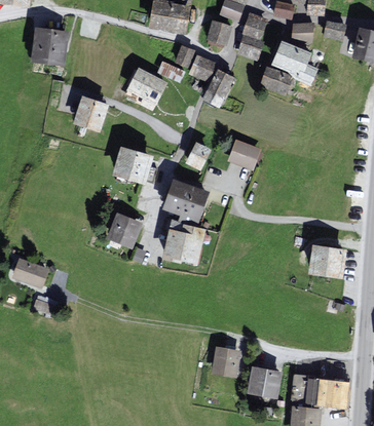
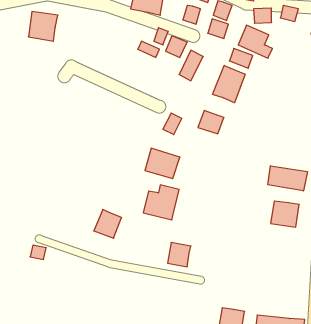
building: [128,71,164,104] -> none
building: none -> [212,65,245,103]
building: [75,99,106,130] -> none
building: [115,150,150,183] -> none
building: none -> [268,166,307,191]
building: [108,214,140,246] -> [94,209,122,238]
building: [13,258,47,284] -> none
building: [213,346,239,374] -> [168,243,191,267]

